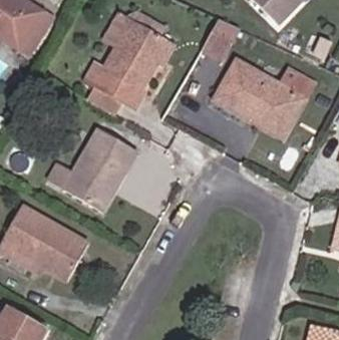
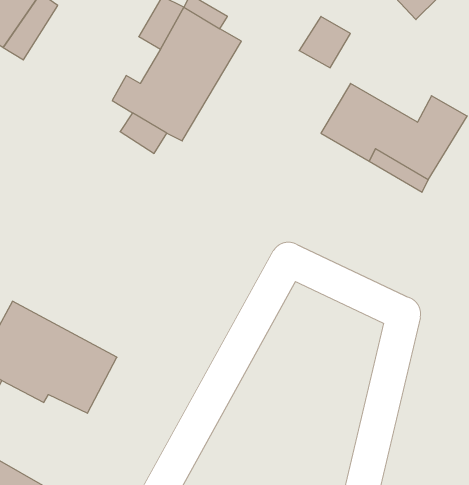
building: [65,130,135,212] -> none

